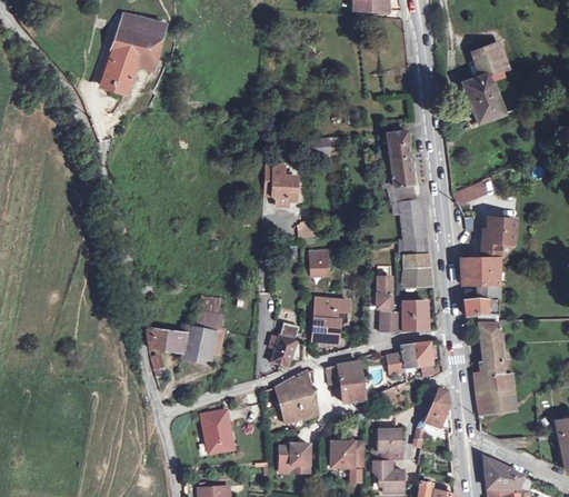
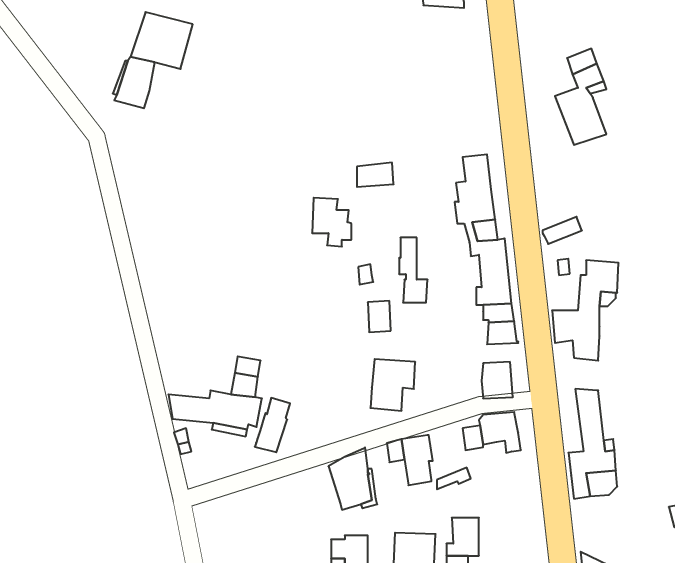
building: [377,277,400,330] -> [399,238,428,303]
building: [463,297,498,315] -> none
building: [270,321,299,366] -> [255,398,290,452]
building: [416,388,448,438] -> none
building: [200,411,231,455] -> none

